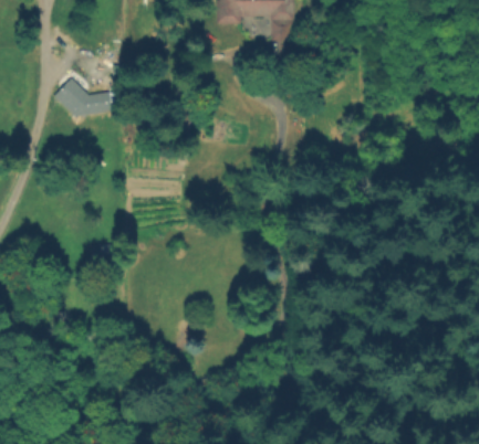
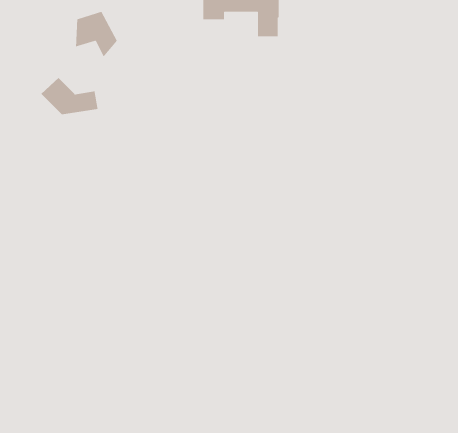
building: none -> [75,11,118,58]

